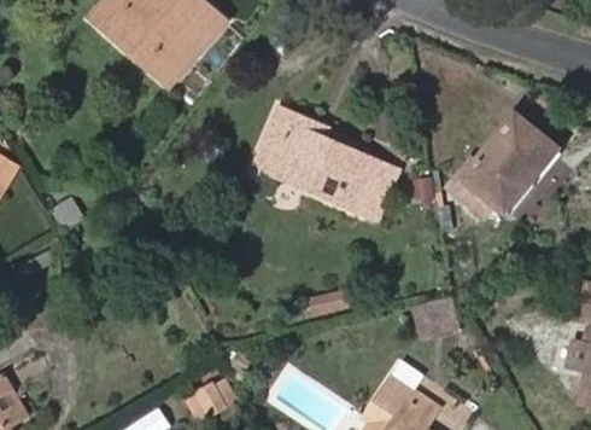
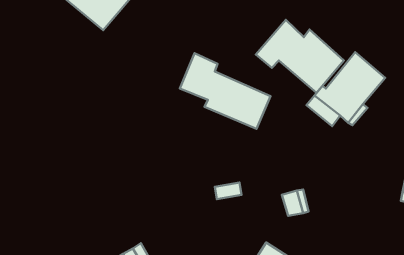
building: none -> [256,20,344,93]
building: [256,109,314,188] -> none

